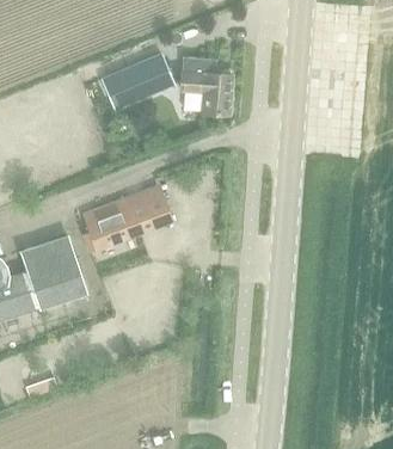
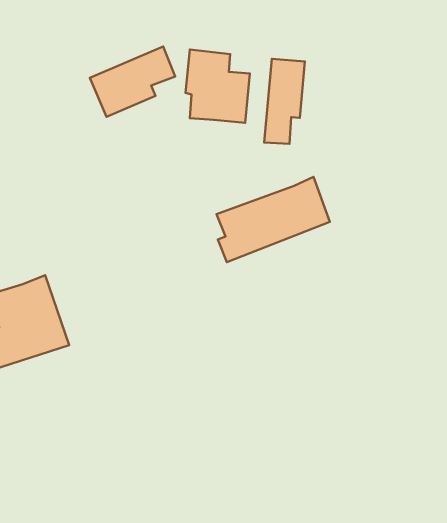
building: none -> [264,59,305,144]
building: [82,184,173,252] -> [216,177,330,262]

